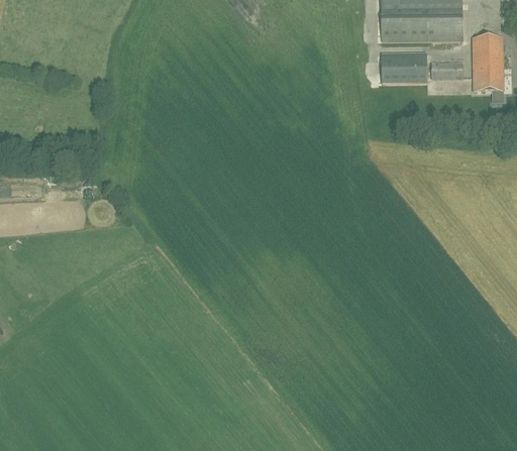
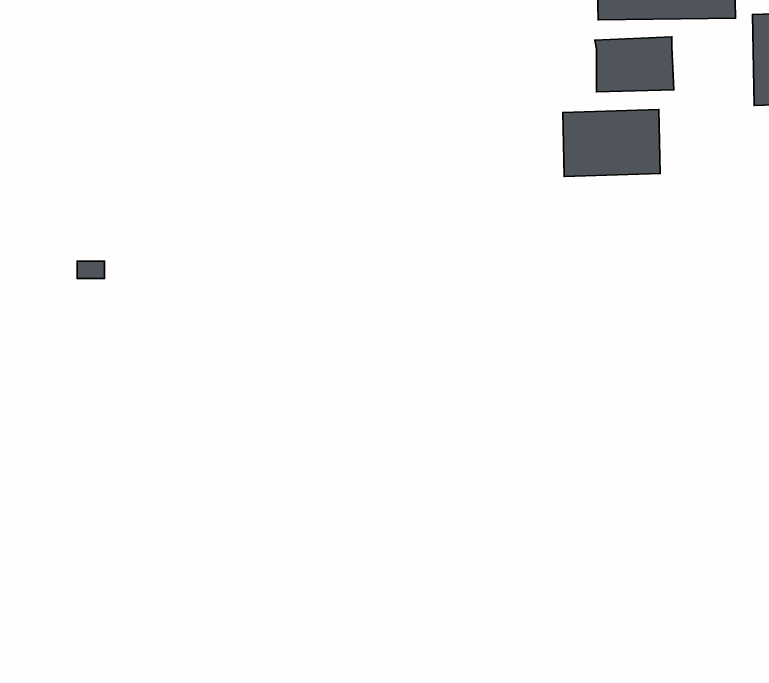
building: [430,61,462,76] -> none
building: none -> [563,109,660,177]

